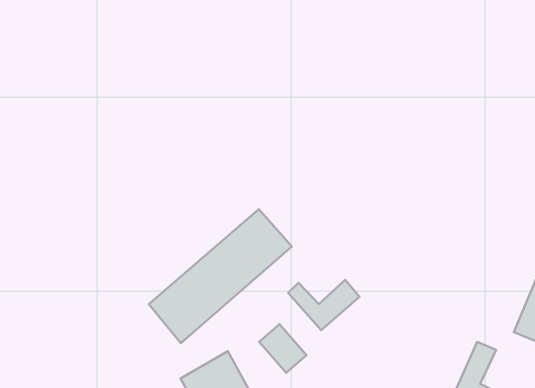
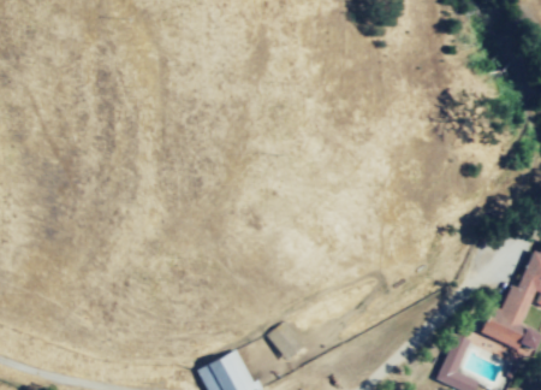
building: [149,209,292,343] -> none
building: [288,280,360,330] -> none

